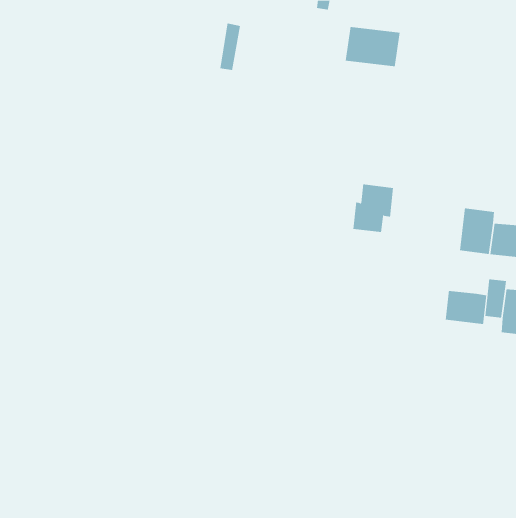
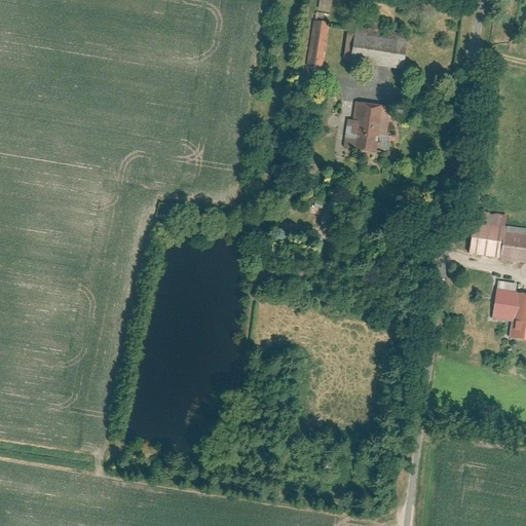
building: [220,23,241,71] -> [308,20,330,68]
building: [352,184,394,232] -> [345,101,387,150]
building: [445,290,487,325] -> none

